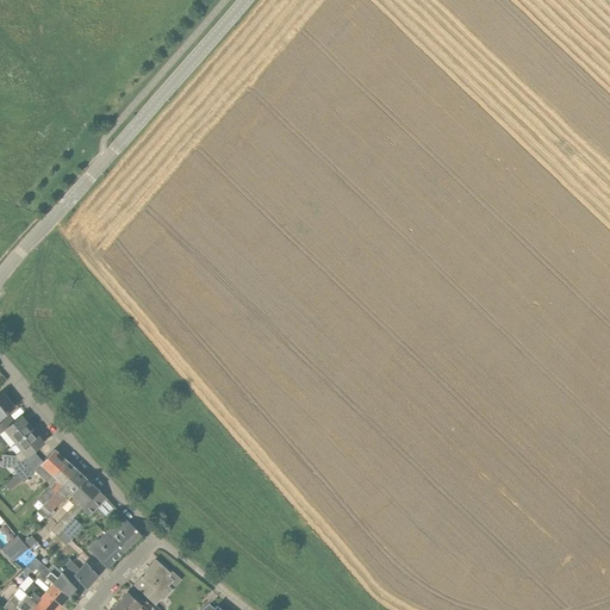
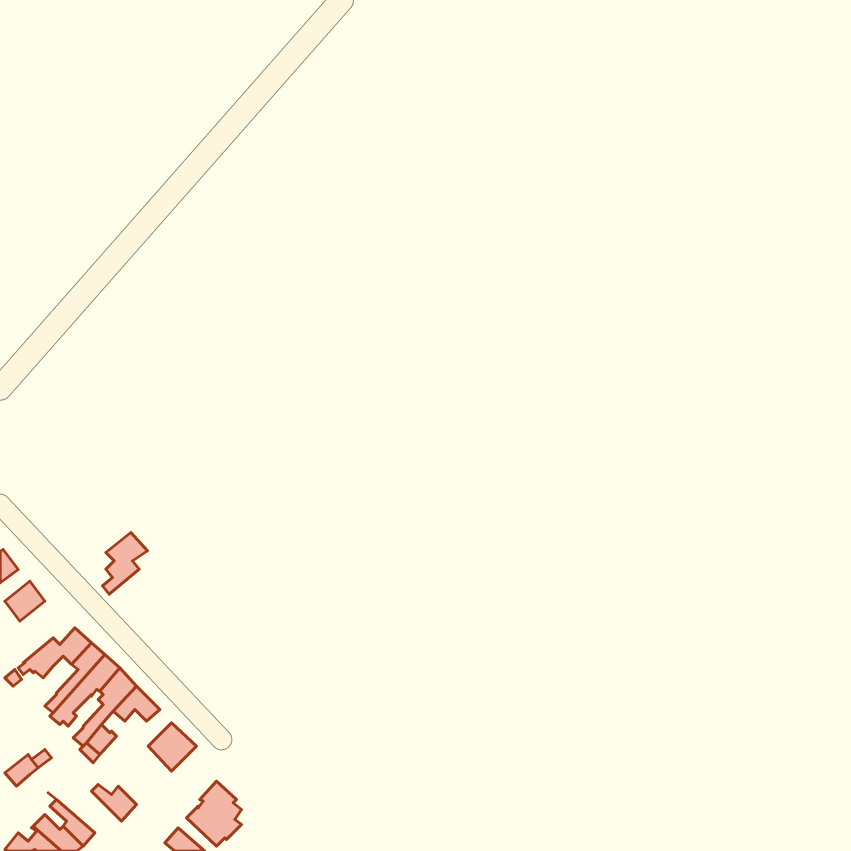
building: [12,430,44,474] -> [103,533,148,594]
building: [88,534,123,567] -> none
building: [30,558,81,596] -> none

